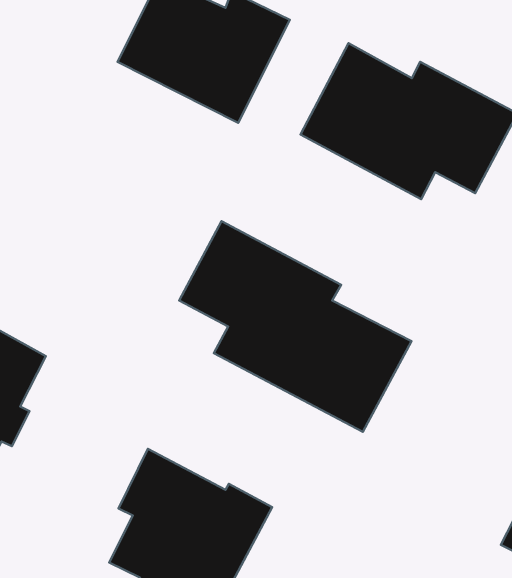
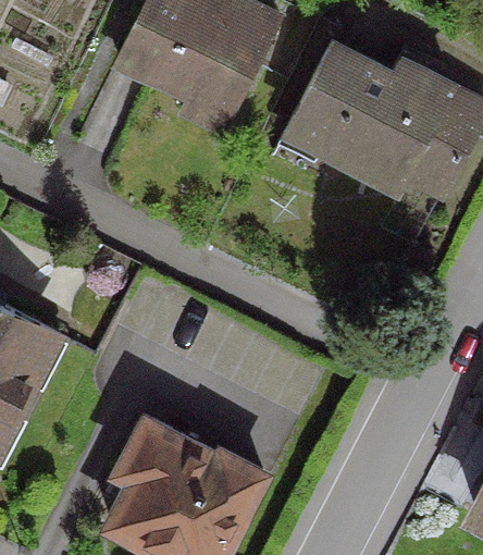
building: [179,221,412,432] -> none

